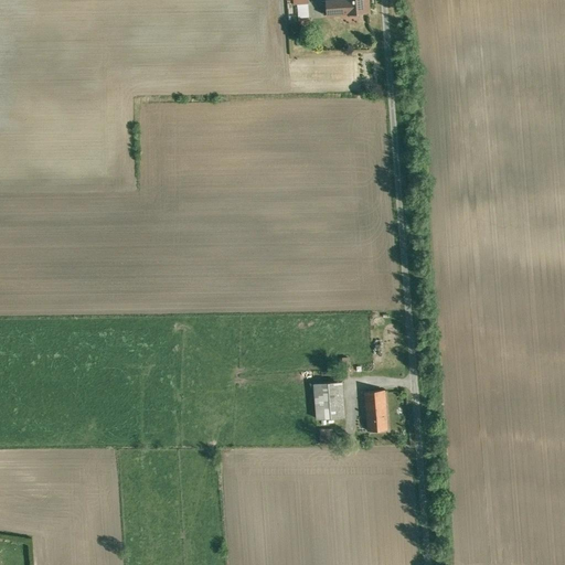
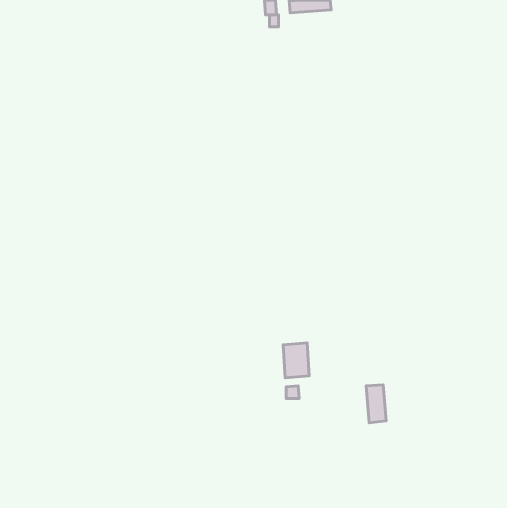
building: [364,390,386,431] -> [366,385,386,423]

